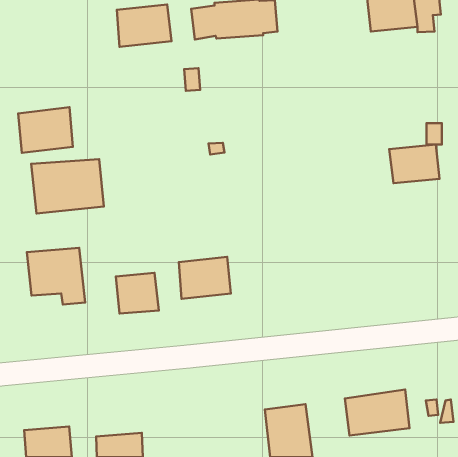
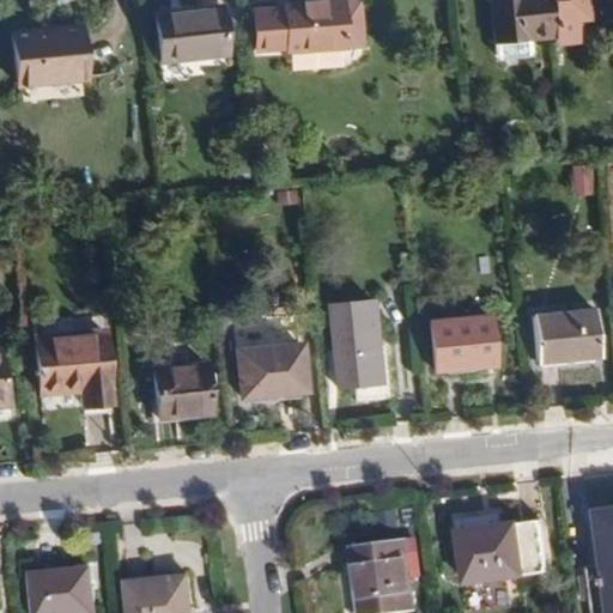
building: [18,107,73,153] -> [14,24,87,85]
building: [389,145,439,183] -> [534,310,601,362]
building: [31,159,104,214] -> none
building: none -> [330,302,383,387]
building: none -> [432,316,496,370]

